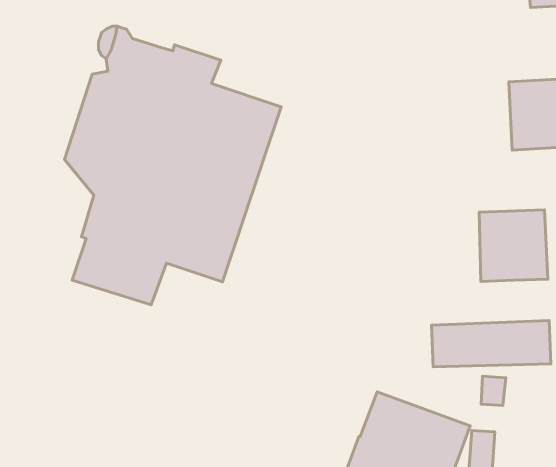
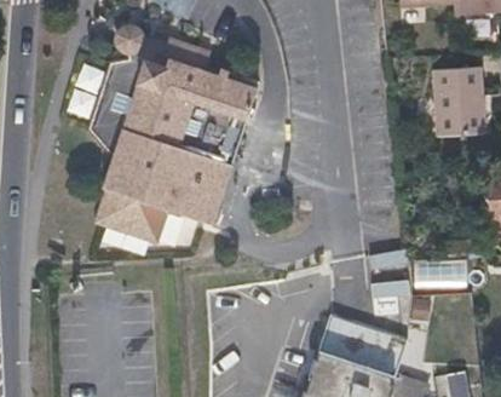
building: [479,210,548,282] -> none

